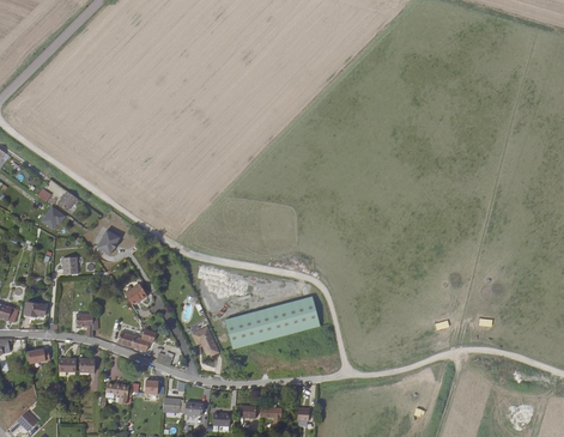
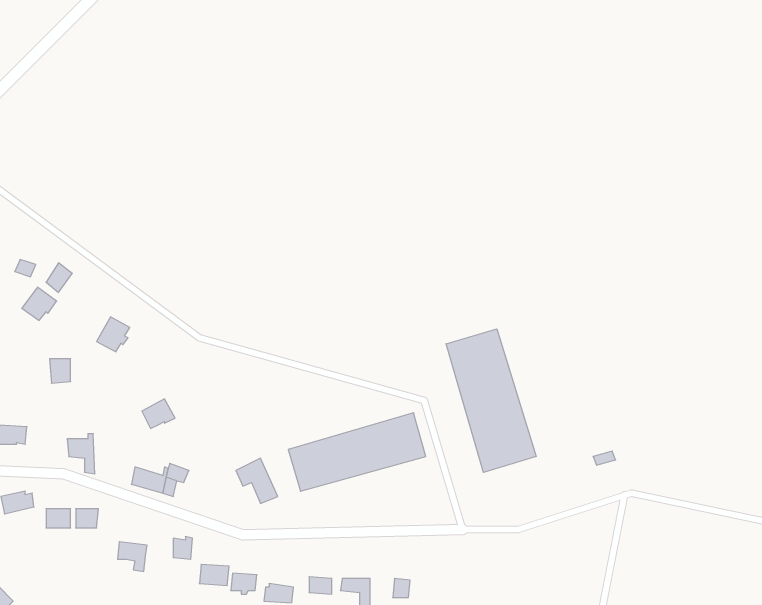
building: none -> [446,329,536,472]

